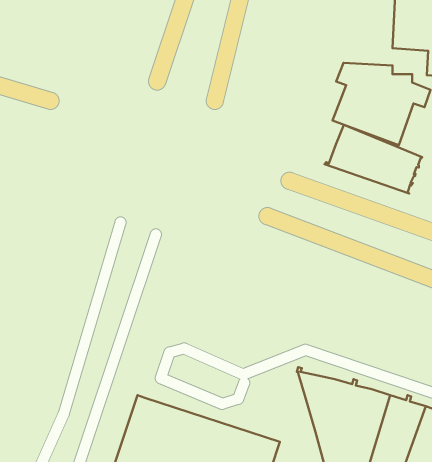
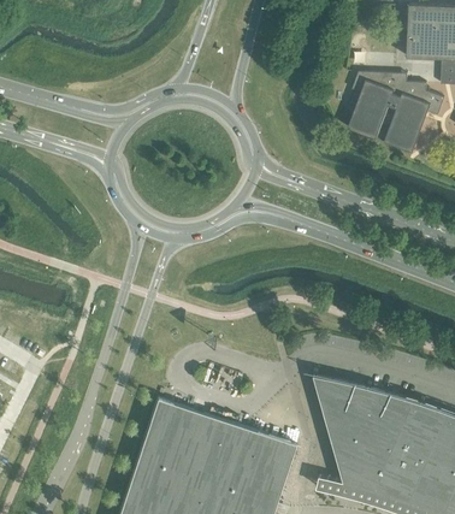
building: [324,125,422,194] -> none

